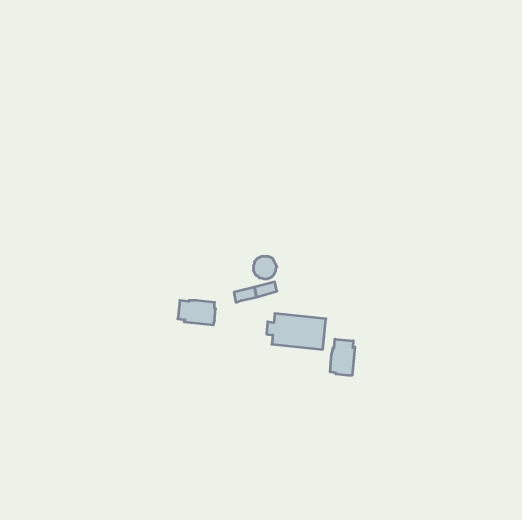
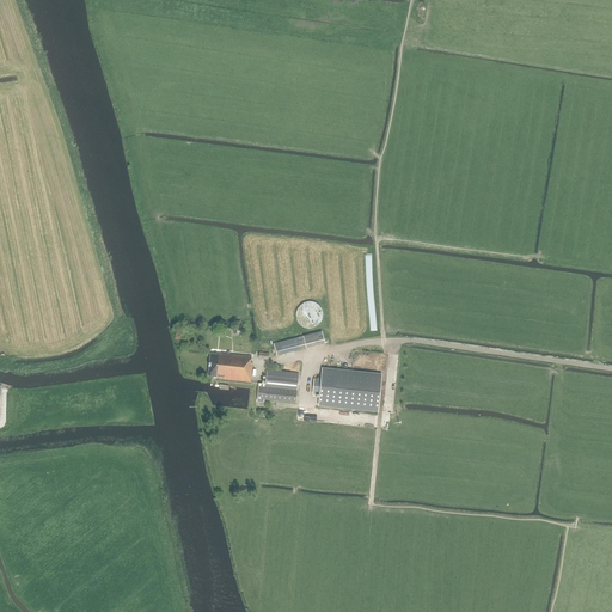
building: none -> [257,368,299,400]
building: [330,339,355,375] -> none

